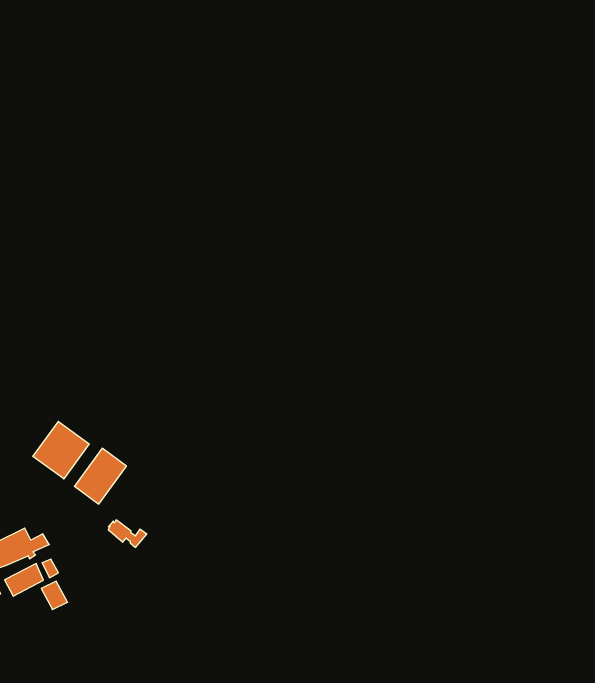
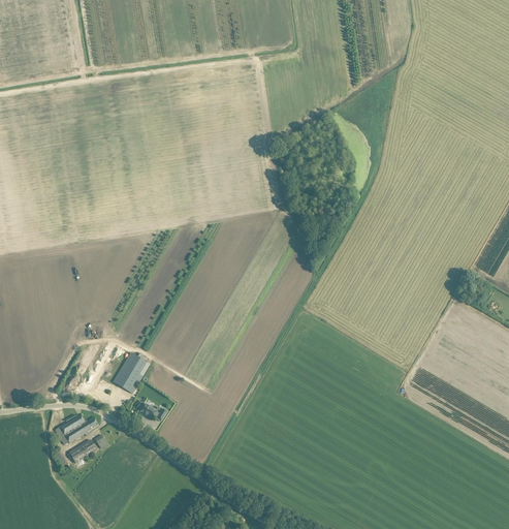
building: [33,421,89,479] -> none

